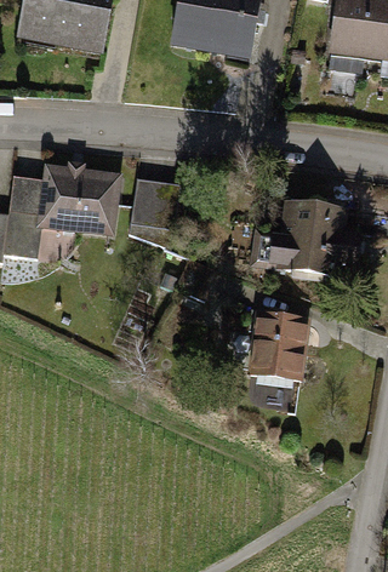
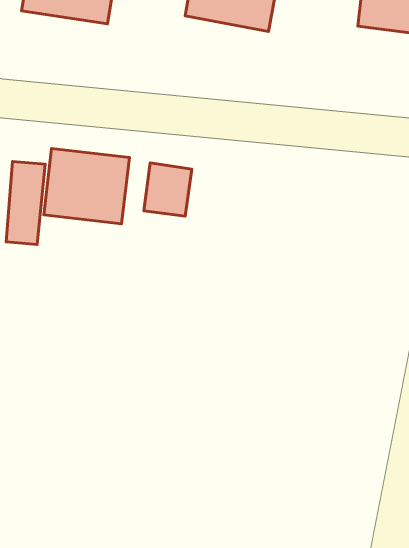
building: [264,202,355,278] -> none
building: [252,315,307,377] -> none

